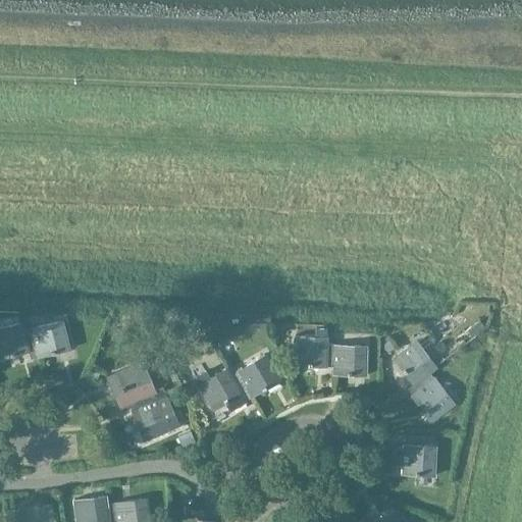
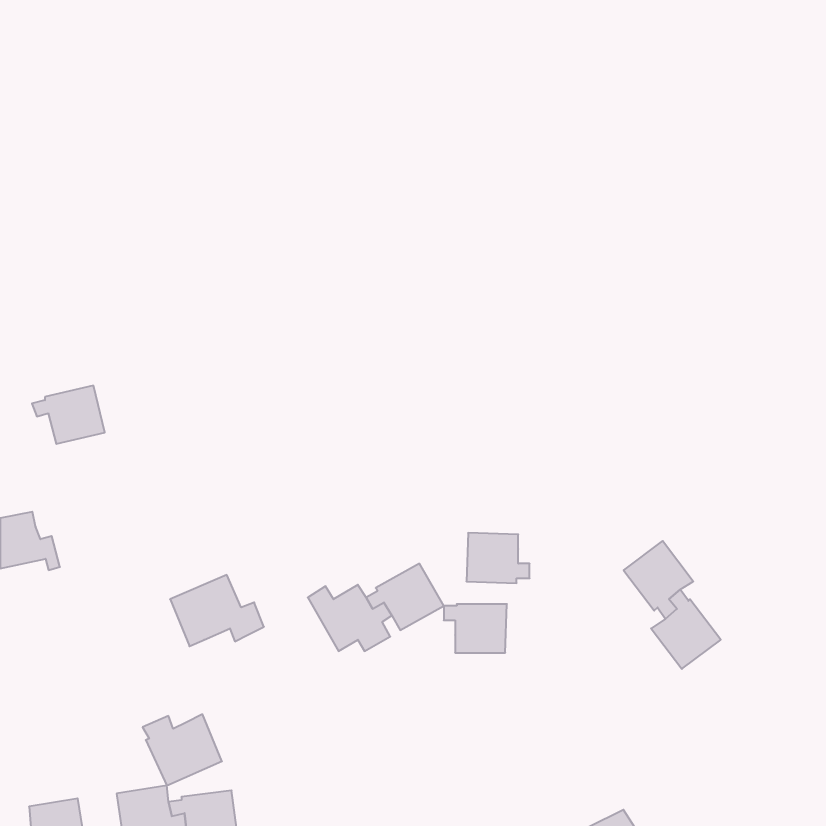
building: [23,321,69,358] -> [32,386,105,444]
building: [327,346,367,376] -> [444,604,507,653]
building: [129,396,179,440] -> [143,714,222,786]
building: [395,445,436,477] -> none

